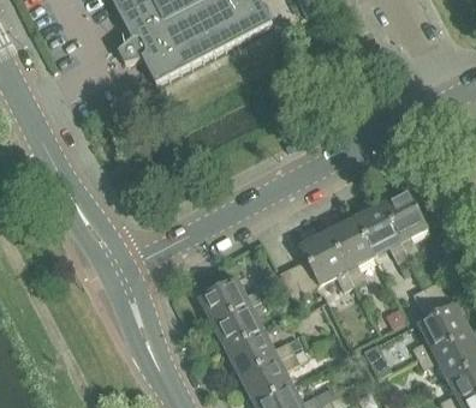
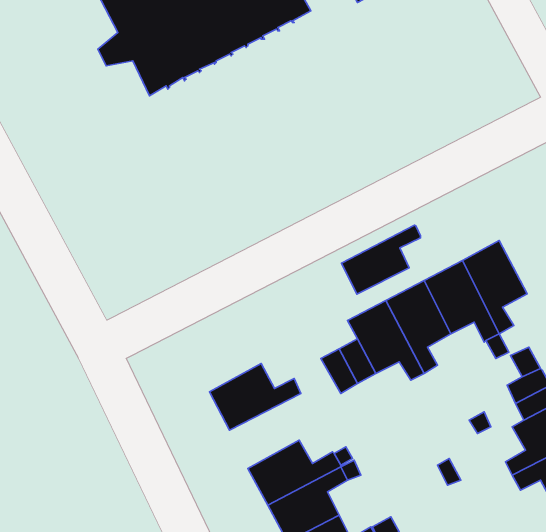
building: none -> [341,225,421,294]
building: [214,299,270,353] -> none

